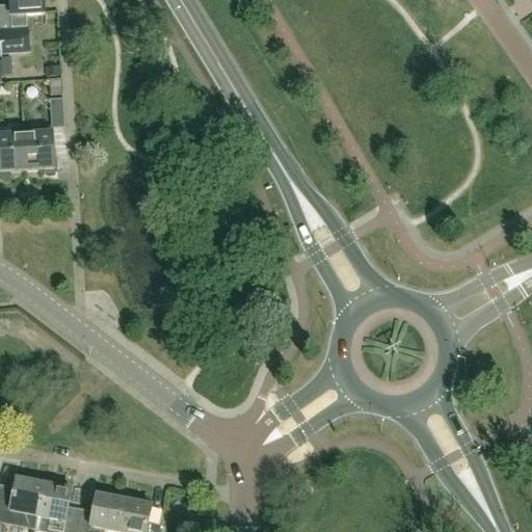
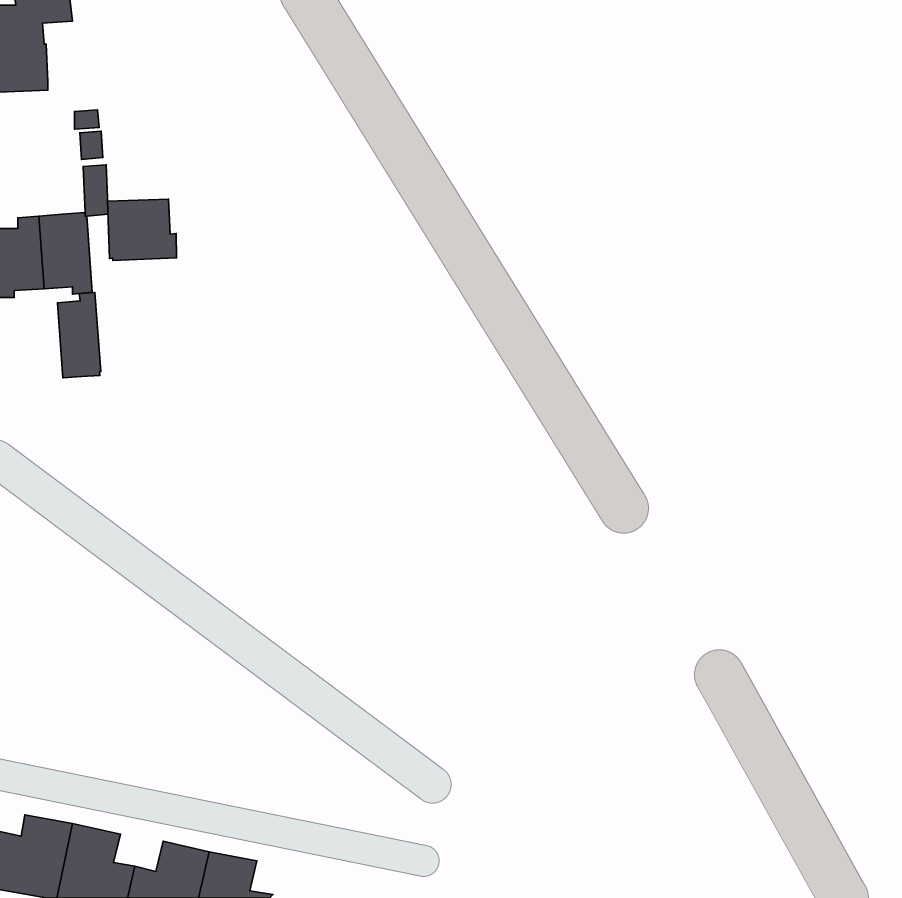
building: none -> [108,199,177,260]
building: none -> [57,293,101,378]

